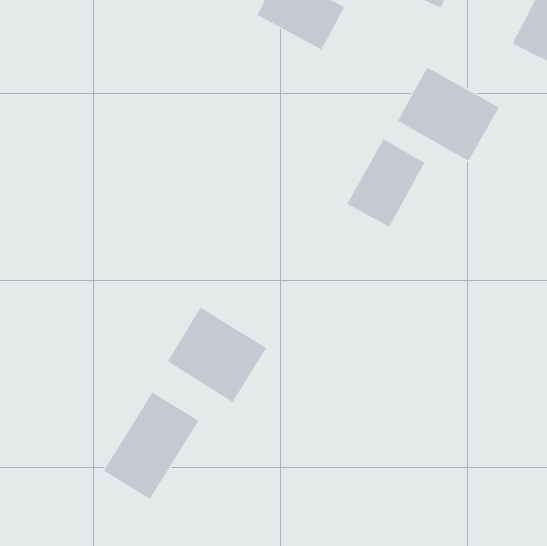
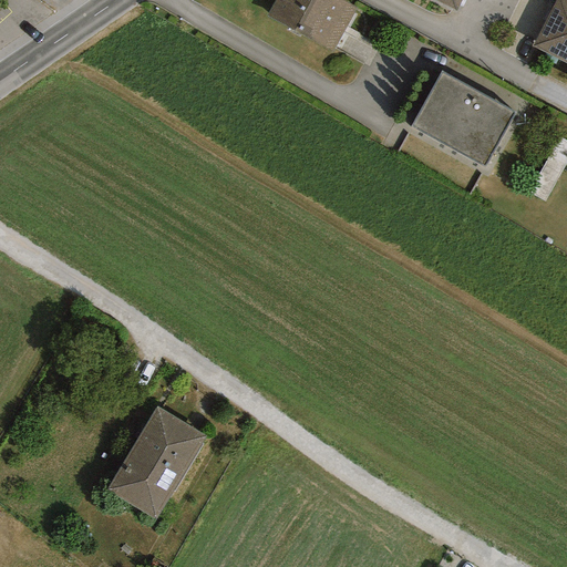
building: [346,138,426,228] -> none
building: [167,307,267,403] -> none

